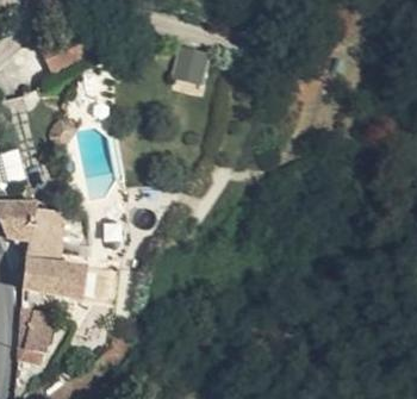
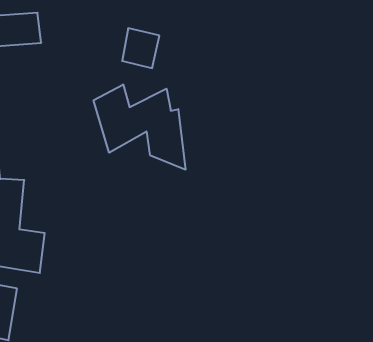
building: none -> [94,84,185,170]

